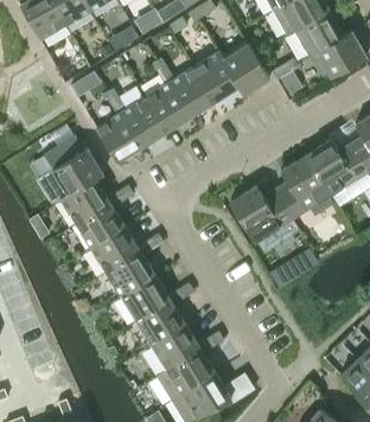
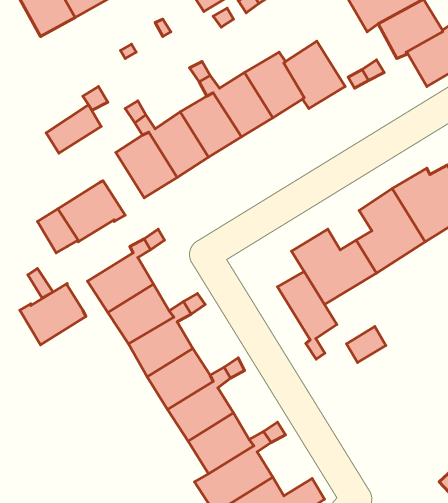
building: [43,134,84,171] -> [46,105,101,153]
building: [59,179,109,225] -> [20,284,86,345]
building: none -> [278,272,337,359]

